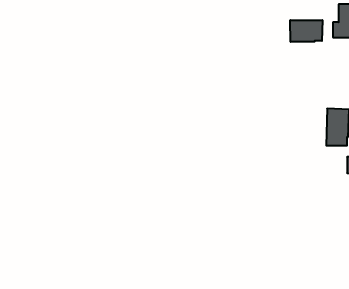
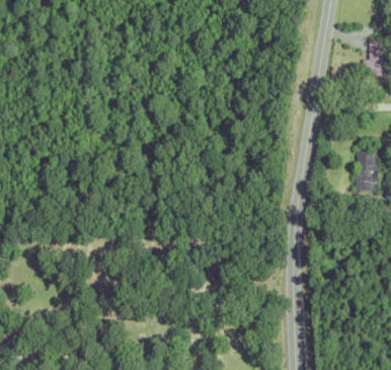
building: [290,20,322,42] -> none

